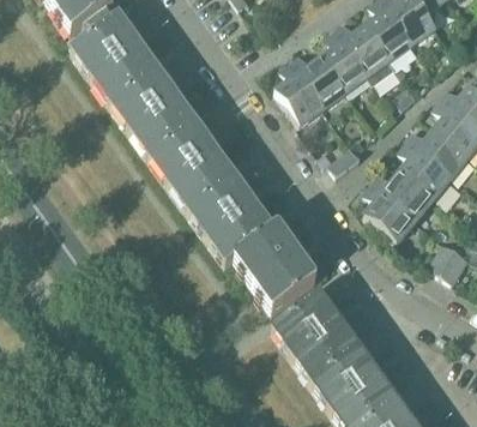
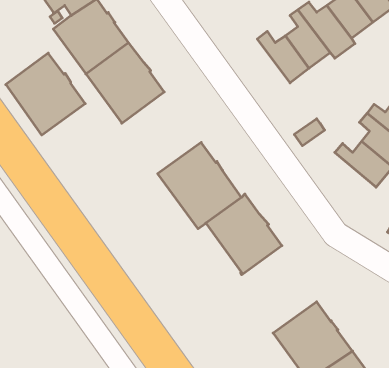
building: [278,60,327,124] -> none
building: [147,116,233,204] -> [6,53,85,135]
building: [367,181,419,241] -> none
building: [274,293,356,374] -> none

